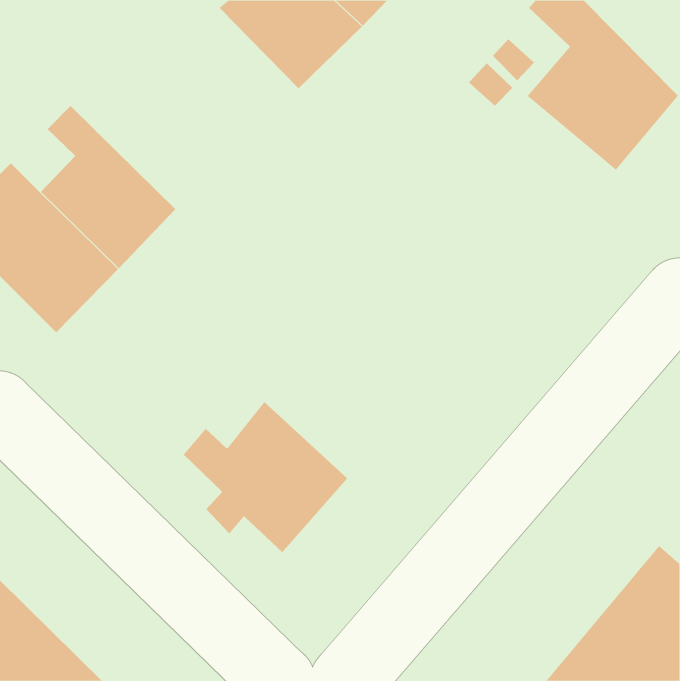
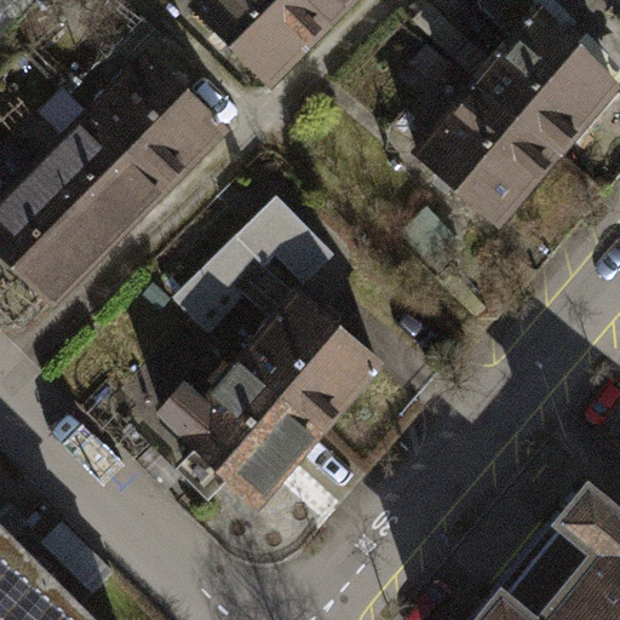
building: none -> [88,59,223,190]
building: none -> [419,87,559,225]
building: none -> [177,200,323,325]
building: none -> [240,297,379,435]

